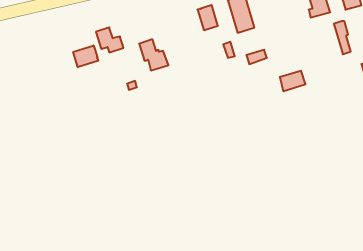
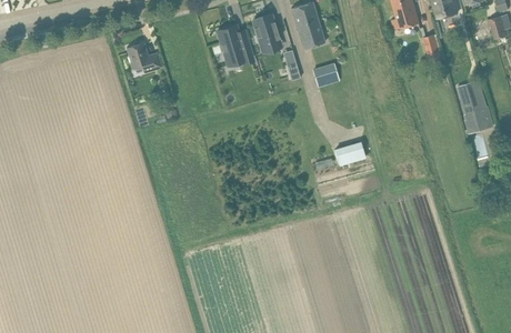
building: [139,39,169,70] -> [217,26,253,64]
building: [73,45,98,67] -> none
building: [280,71,306,91] -> [334,141,367,167]

